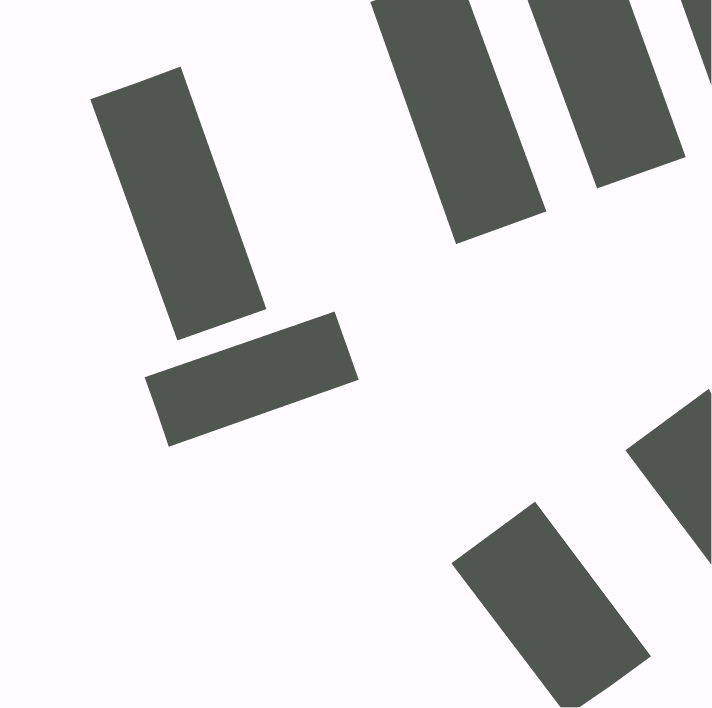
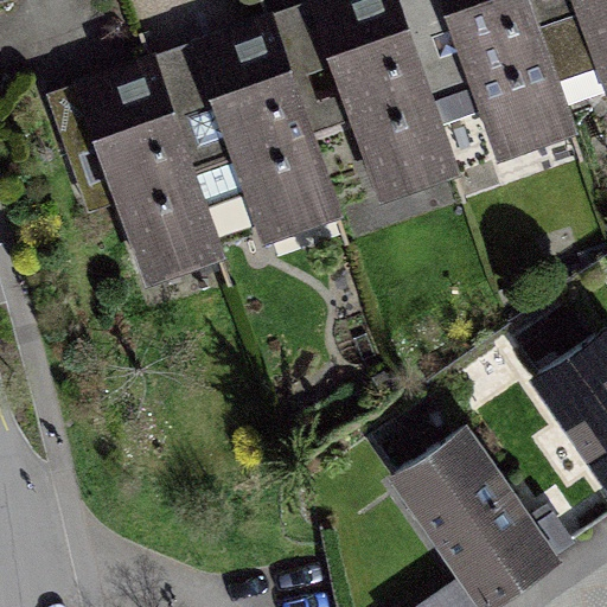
building: none -> [197,13,349,248]
building: [144,310,360,448] -> none

